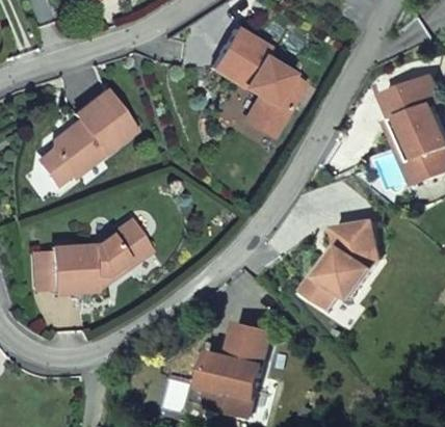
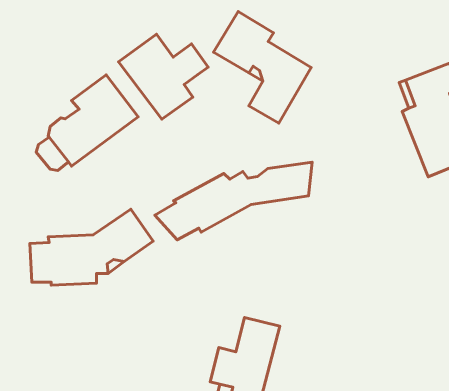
building: none -> [119,34,208,119]
building: none -> [155,162,312,240]
building: [307,219,385,311] -> none

